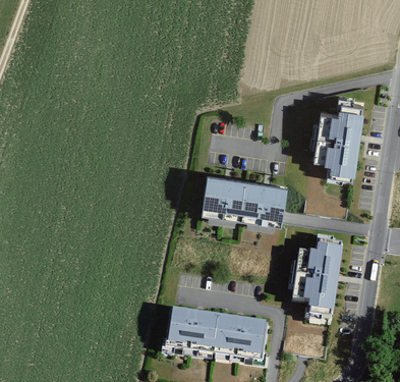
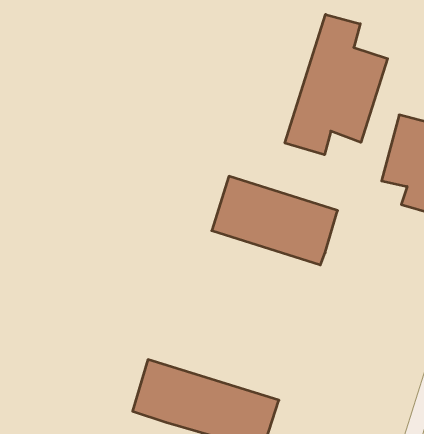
building: none -> [285,14,388,155]
building: [293,242,342,318] -> none

